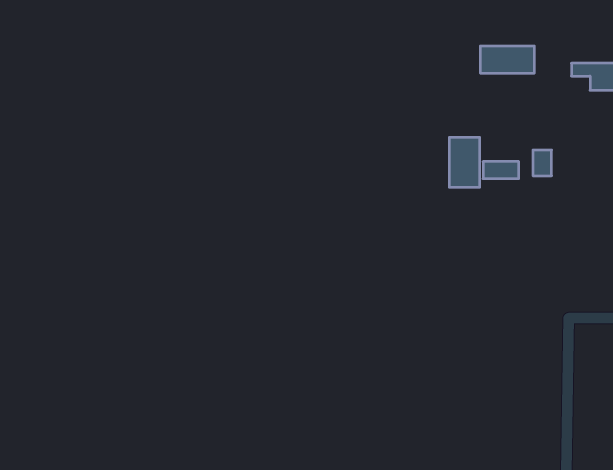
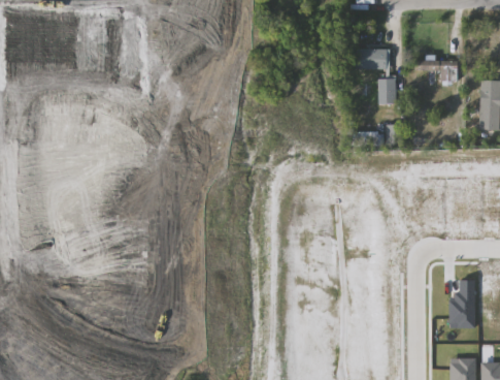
building: none -> [378,80,397,105]
building: [449,137,480,187] -> none

